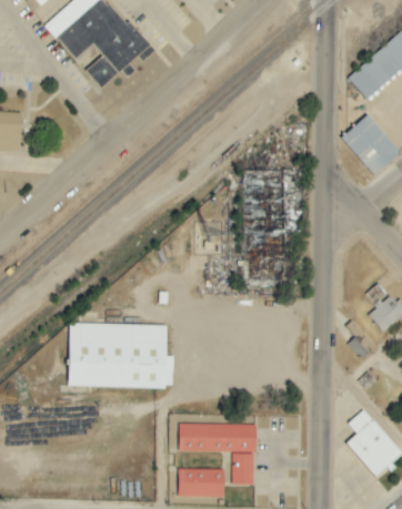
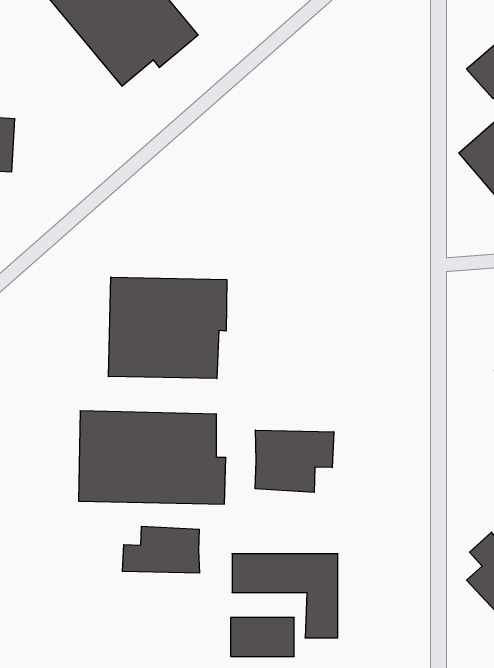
building: none -> [108,277,227,379]
building: none -> [255,430,334,492]
building: none -> [122,526,199,573]

